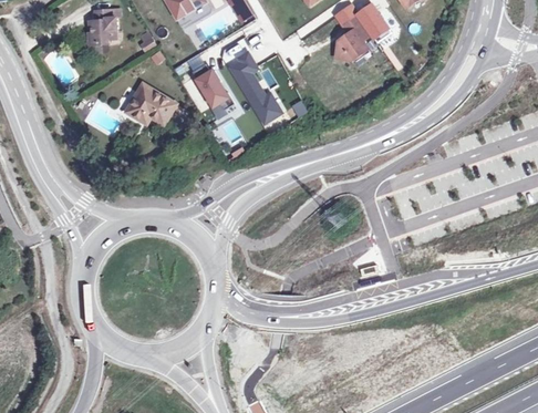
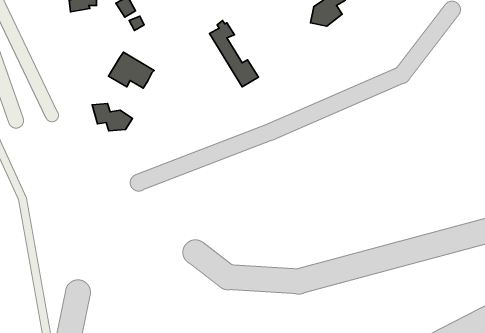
building: [194,66,229,106] -> none
building: none -> [92,103,133,131]

